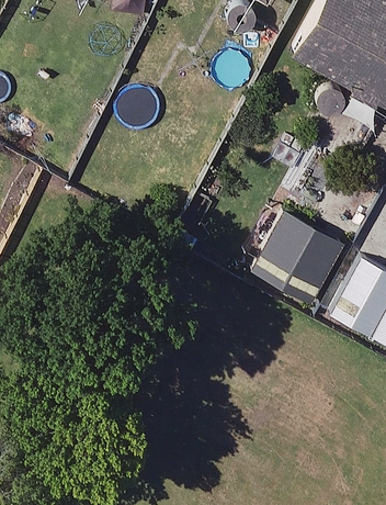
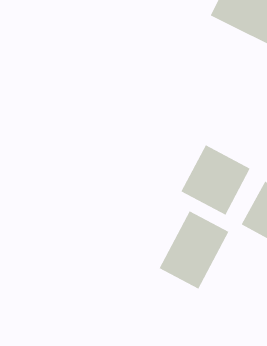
building: none -> [159,211,229,289]

